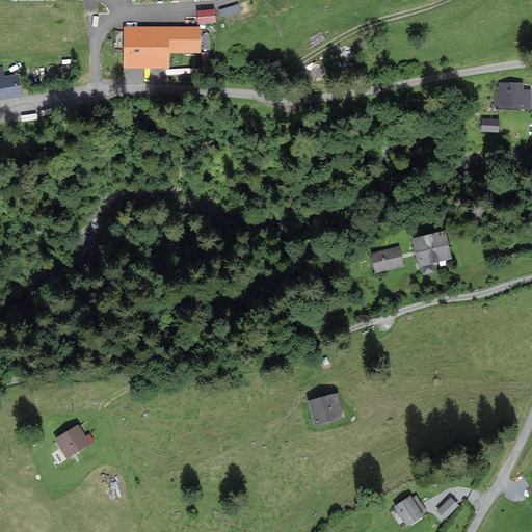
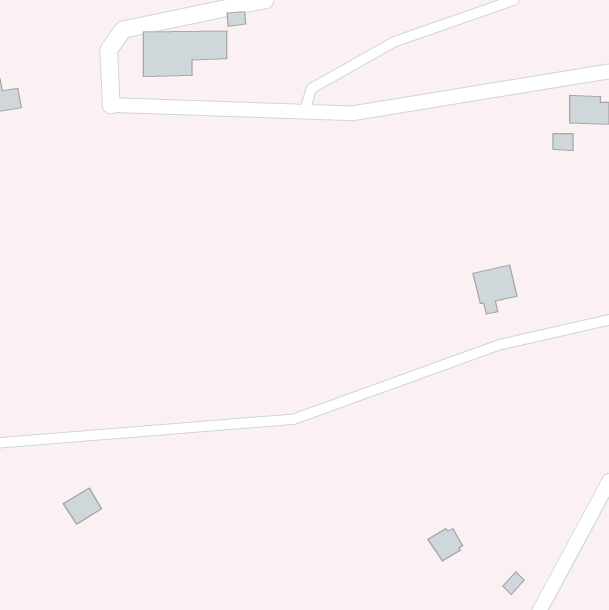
building: [371,247,403,272] -> none
building: [308,394,341,423] -> none
building: [394,496,424,524] -> [428,529,463,561]

